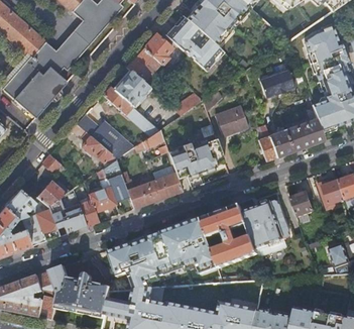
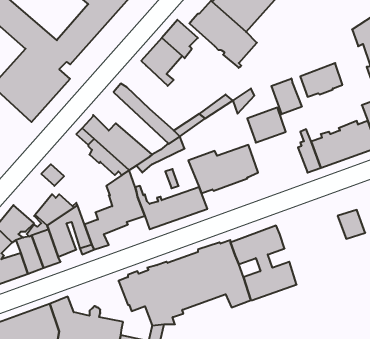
building: [114,71,149,107] -> none
building: none -> [271,78,302,114]
building: [242,199,290,255] -> none

